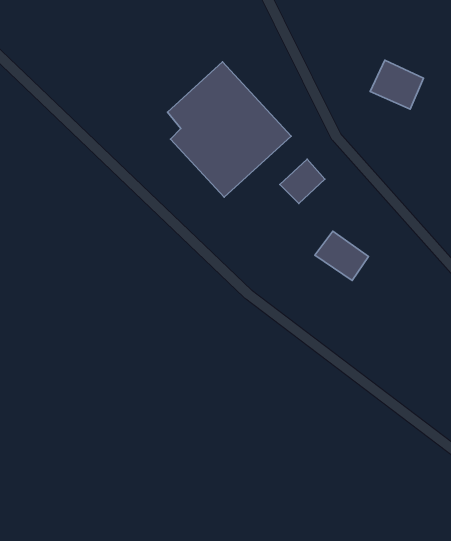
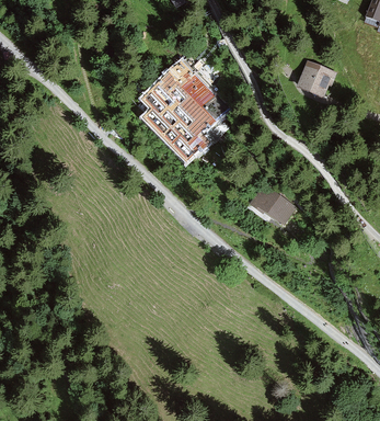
building: [280,159,325,204] -> none

